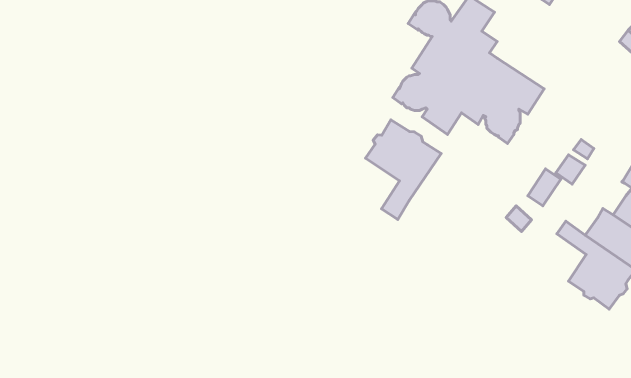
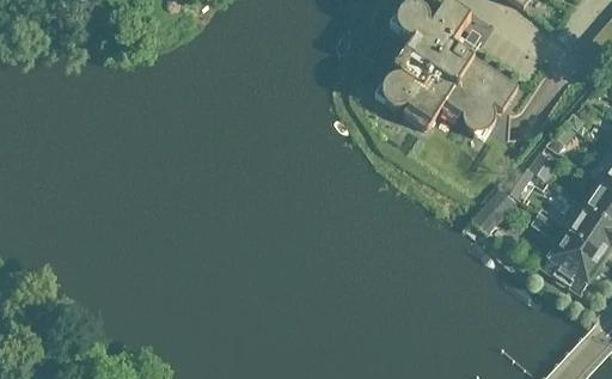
building: [366,120,441,219] -> none

